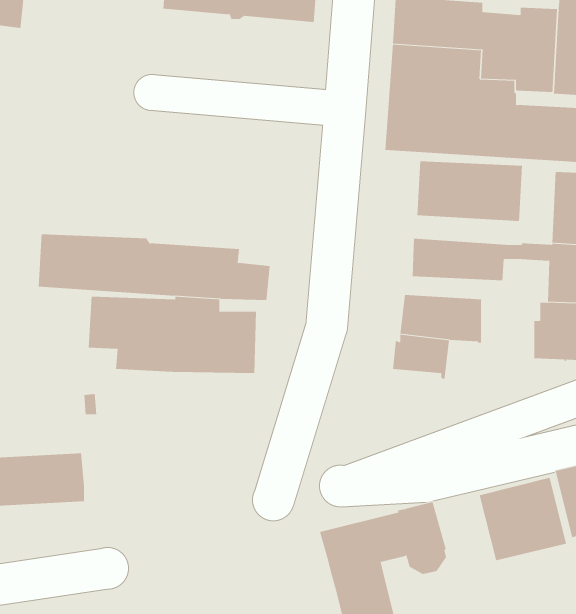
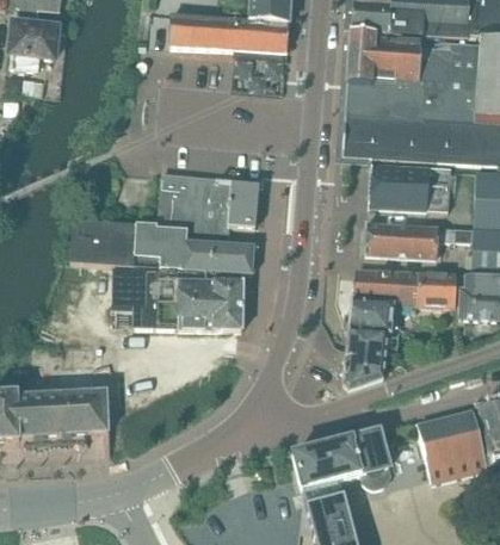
building: none -> [156,176,258,231]
building: none -> [419,271,456,308]
building: none -> [344,326,387,386]

